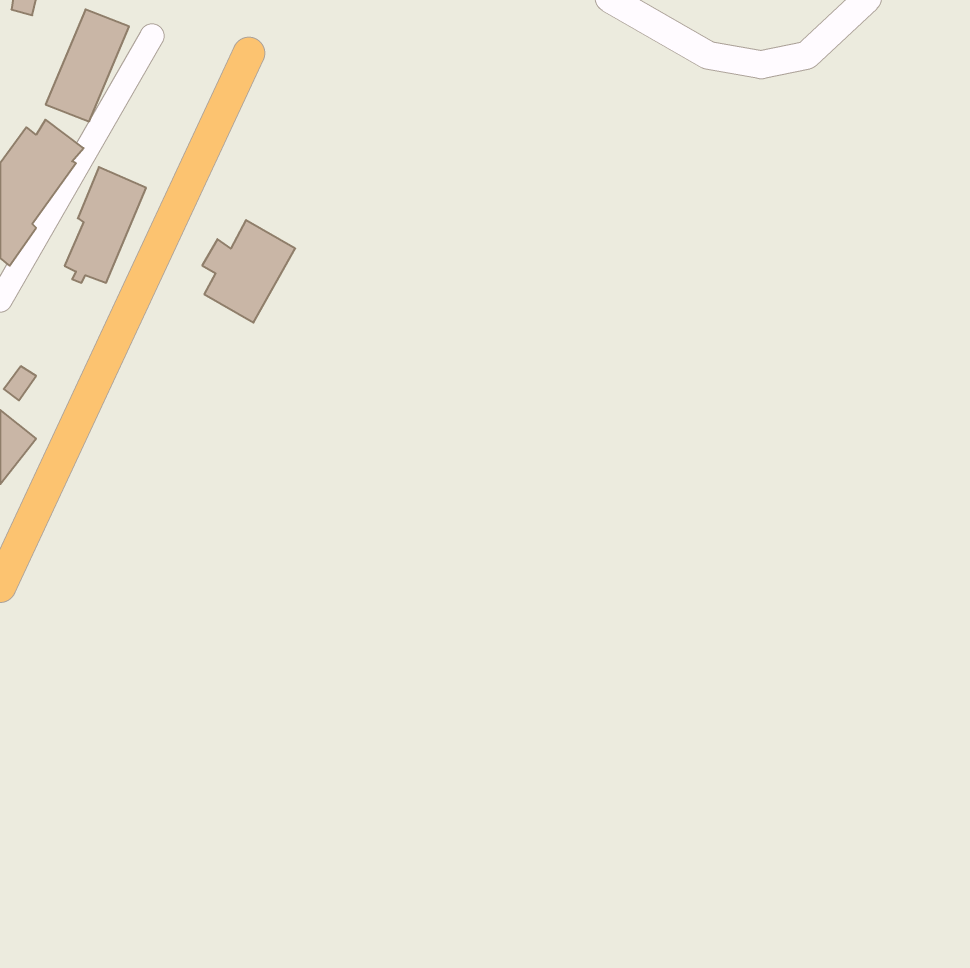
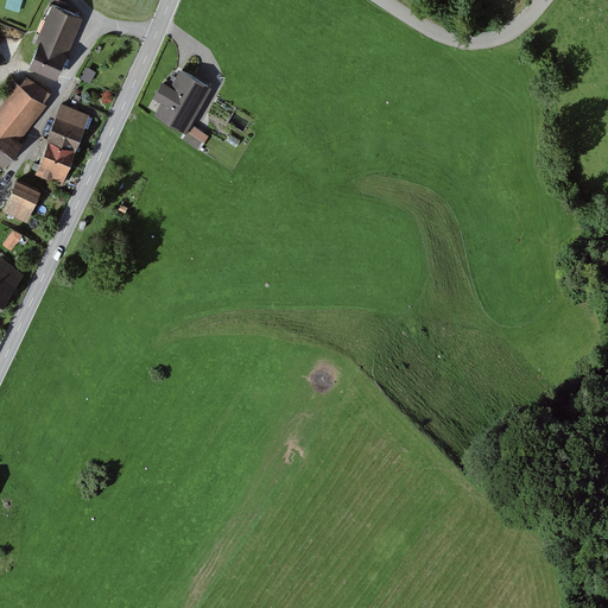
building: [202,220,295,323] -> [153,70,211,134]
building: none -> [5,178,42,218]

